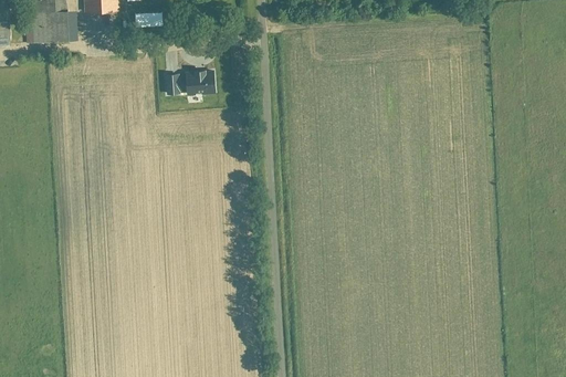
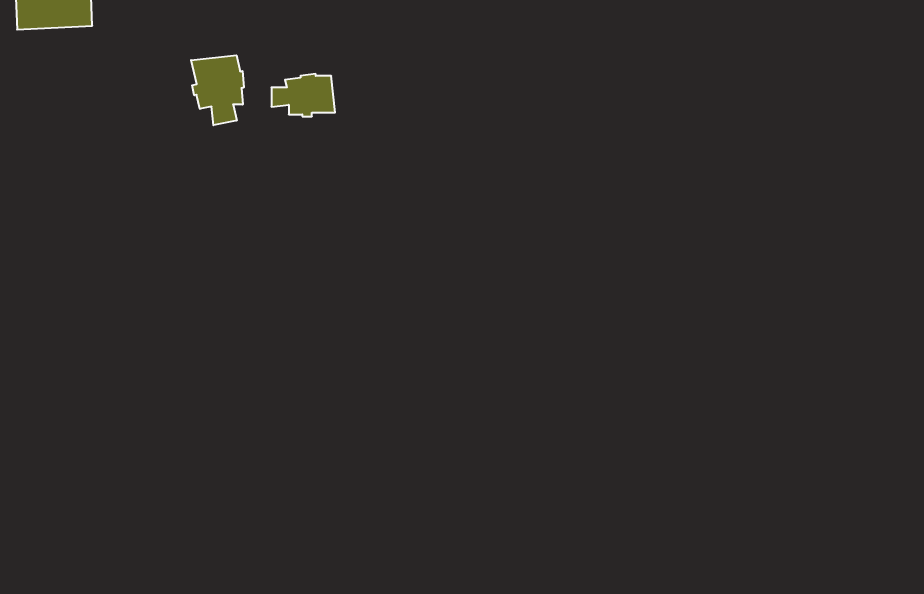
building: none -> [191,55,244,125]

